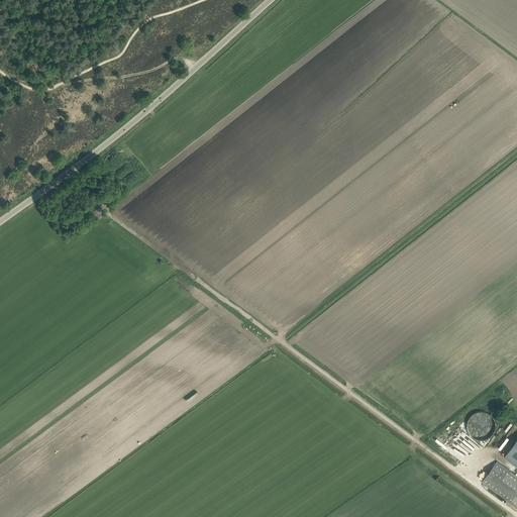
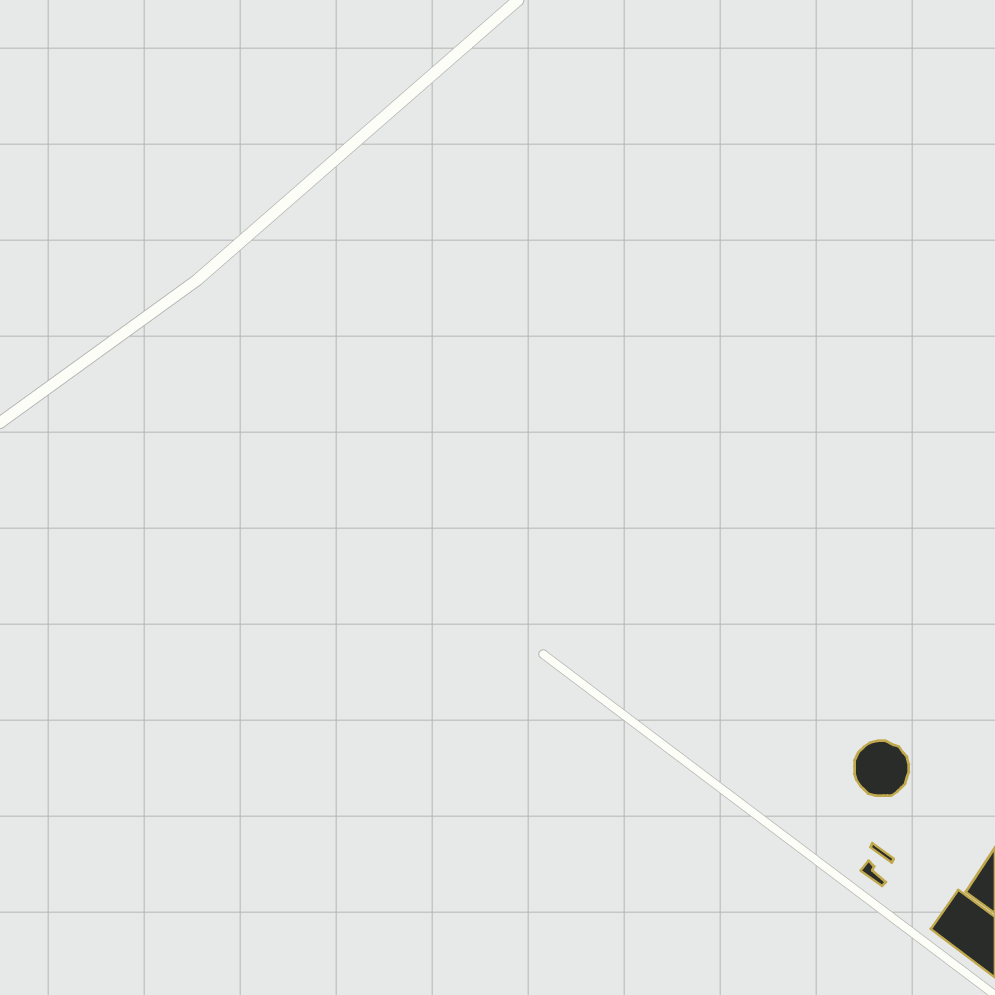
building: [468,411,496,439] -> [854,741,909,795]

